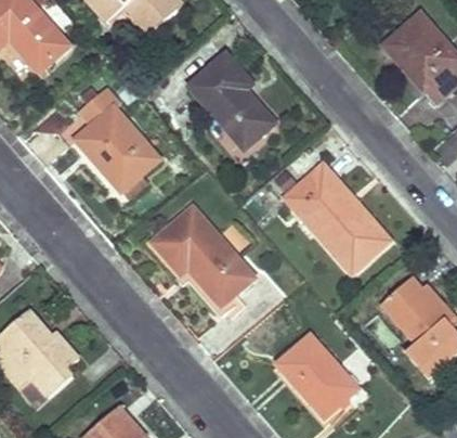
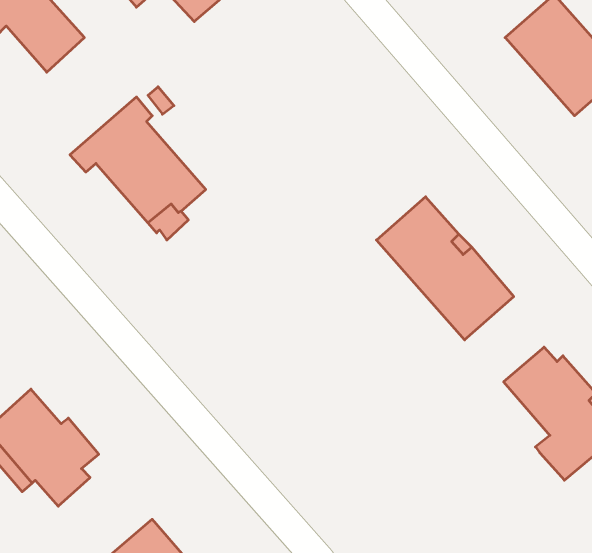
building: [191,55,274,149] -> none
building: [155,208,256,306] -> none
building: [277,335,358,418] -> none

